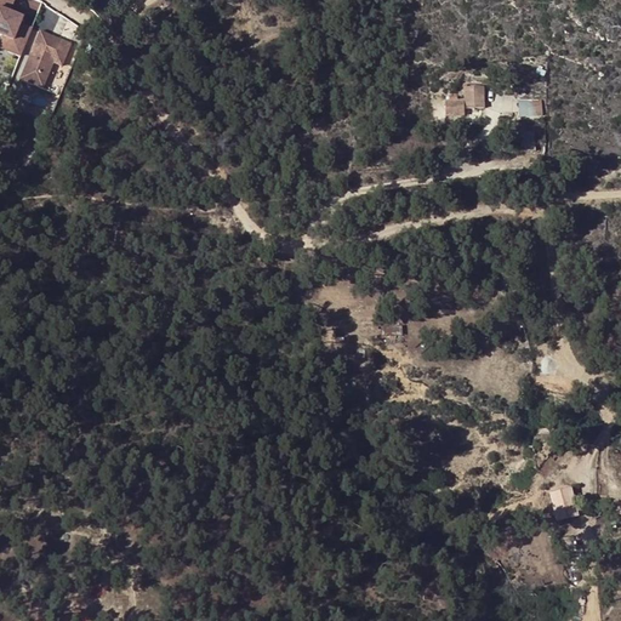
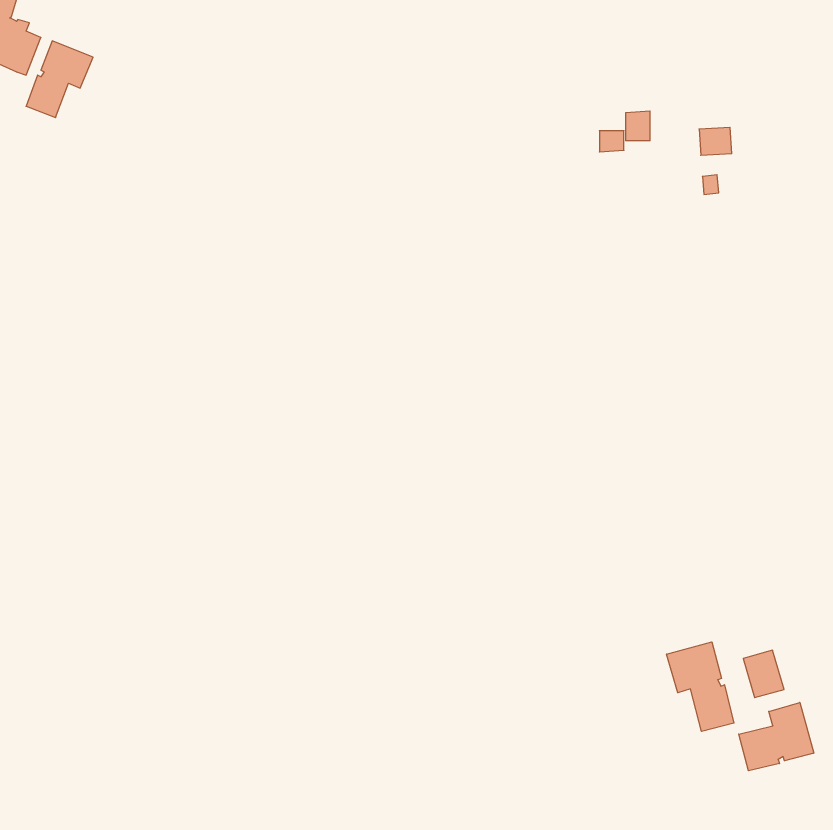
building: none -> [667,642,734,731]
building: none -> [739,702,814,771]

